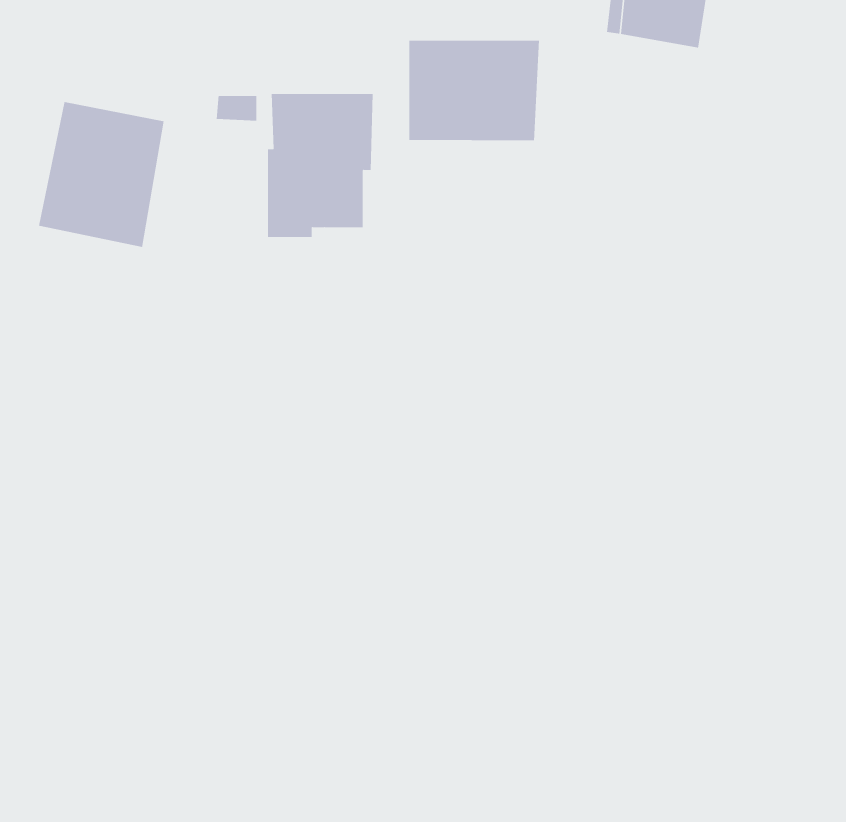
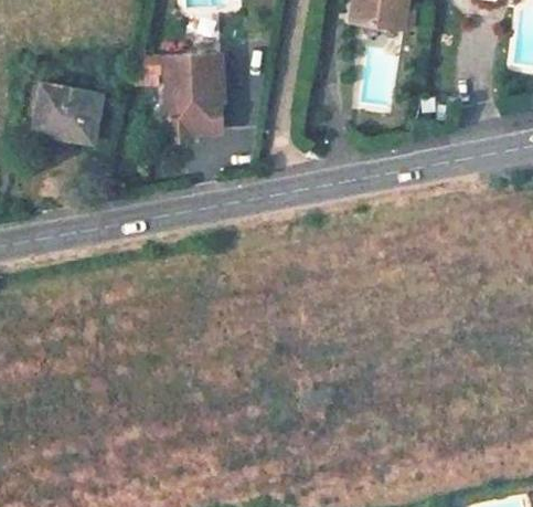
building: [409,40,540,141] -> none

